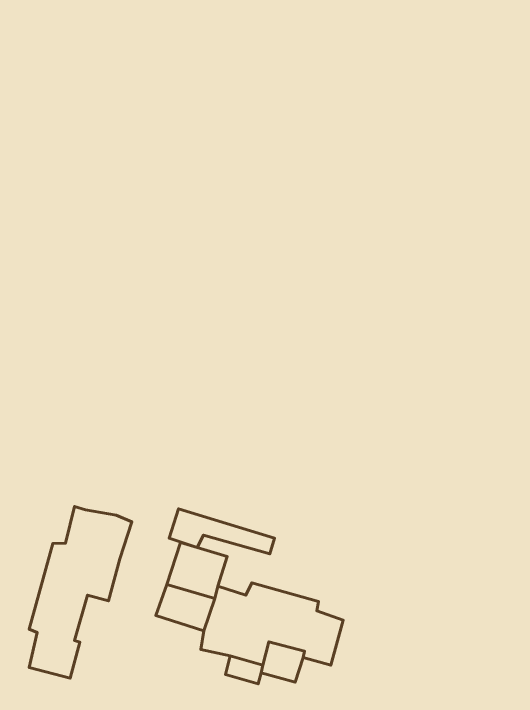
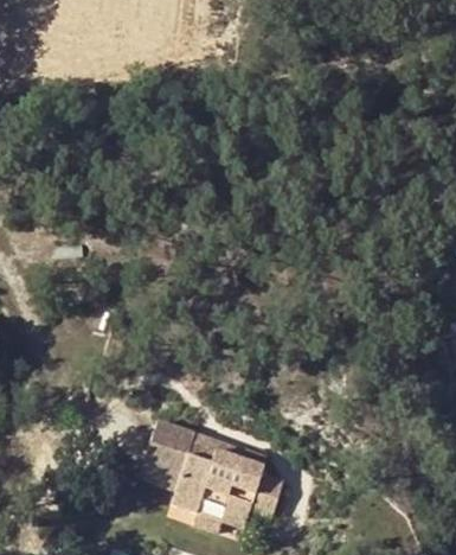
building: [29,506,132,678] -> none
building: [169,509,275,554] -> [186,430,266,465]

